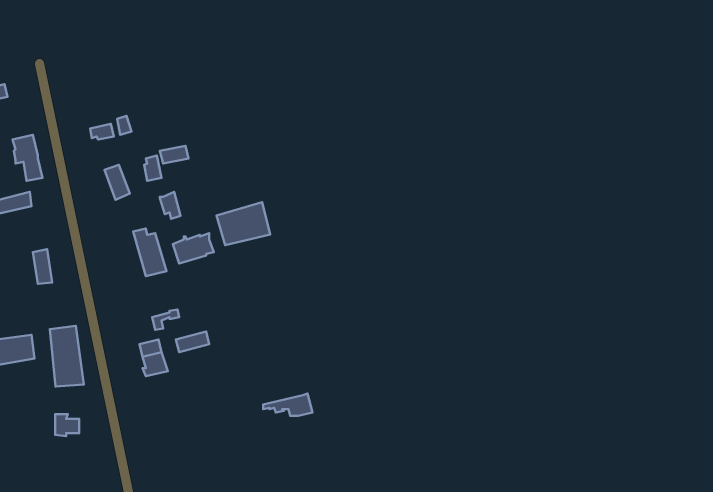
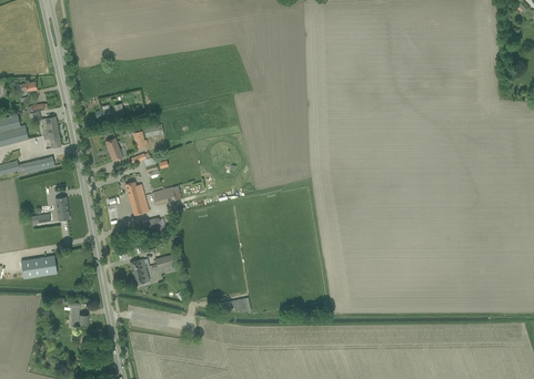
building: [217,202,270,245] -> none
building: [50,326,84,386] -> none

